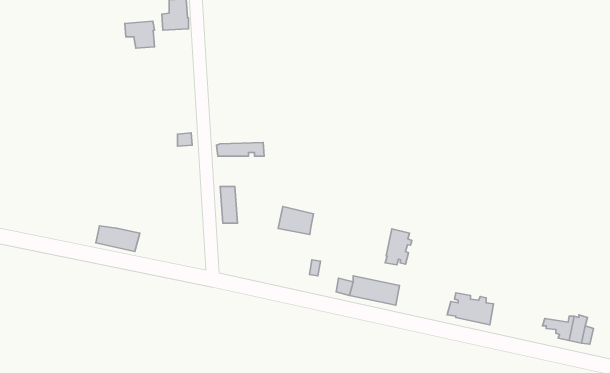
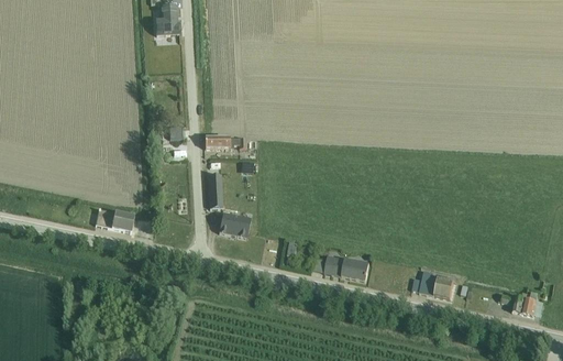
building: [125,21,154,48] -> none
building: [278,206,313,235] -> [219,211,251,237]
building: [385,229,412,265] -> none

